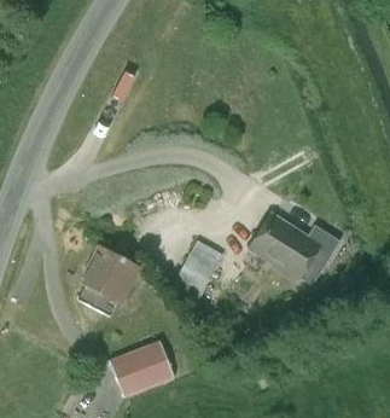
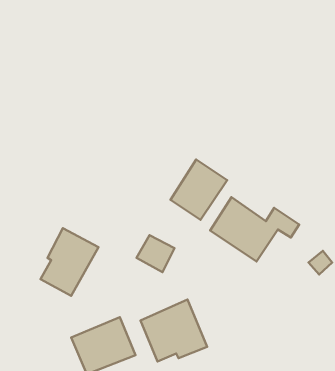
building: none -> [170,160,227,220]
building: none -> [141,299,207,362]

